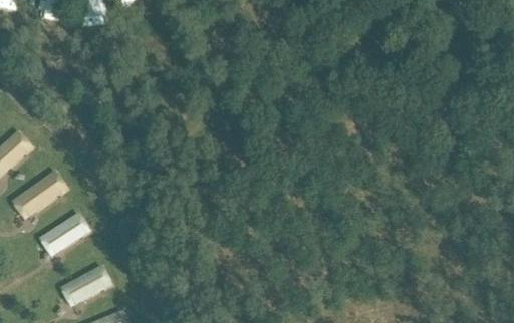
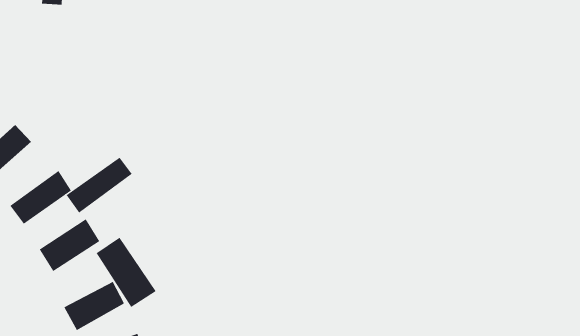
building: none -> [66,157,133,213]
building: none -> [96,237,156,308]

